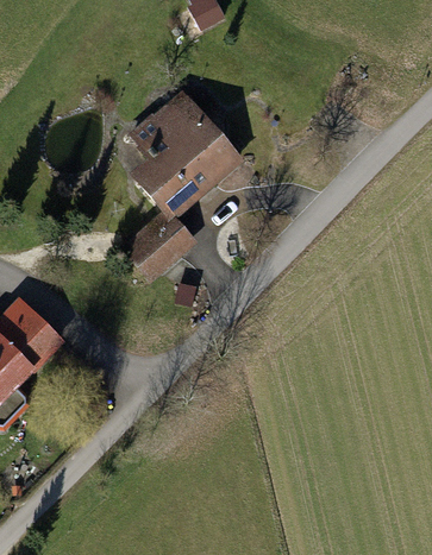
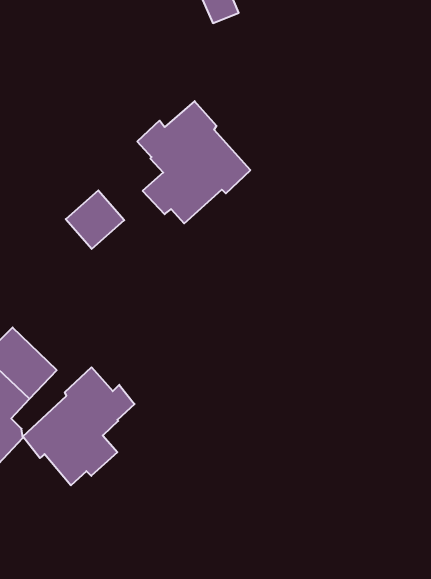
building: [127,221,181,275] -> [66,190,124,249]
building: none -> [23,367,135,485]

